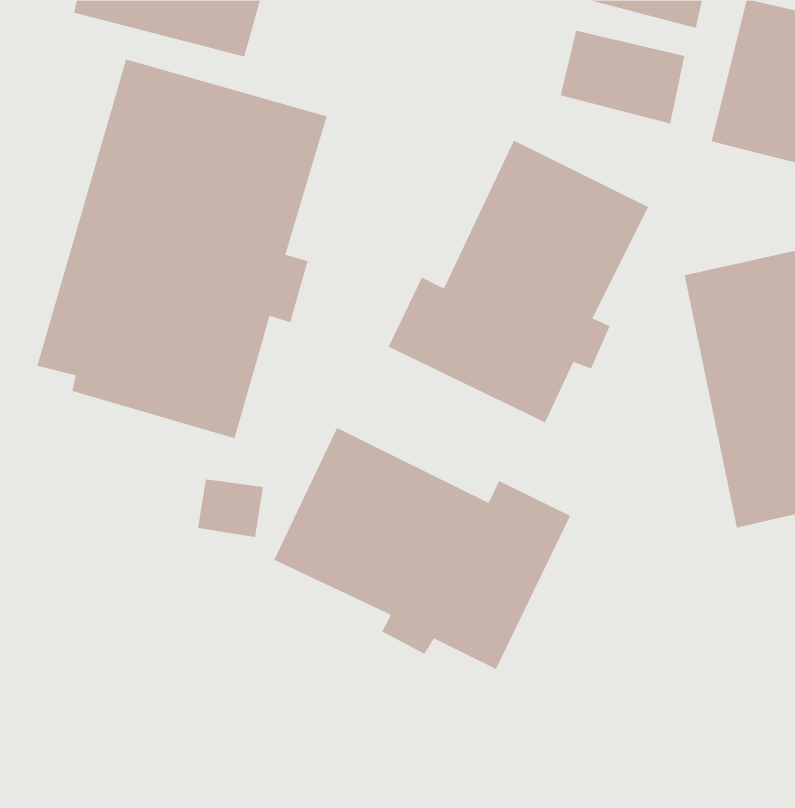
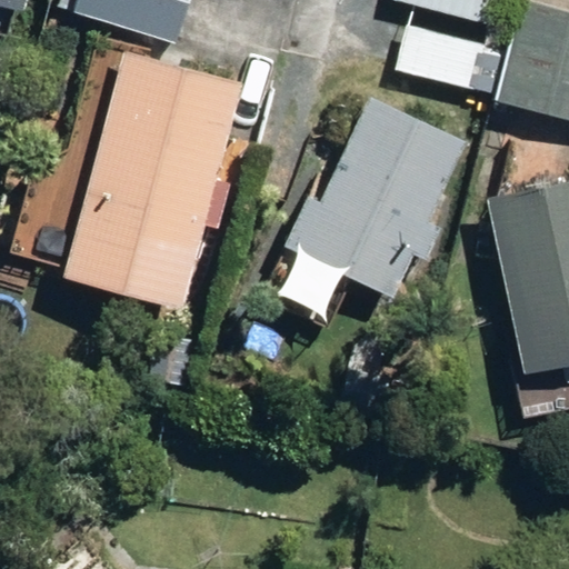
building: [274,427,571,670] -> none

